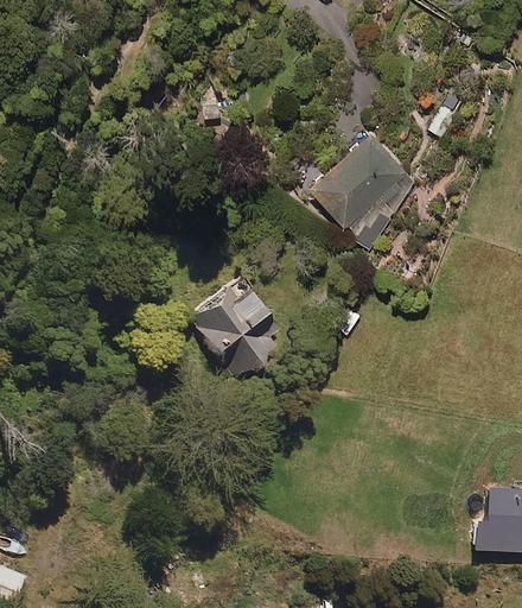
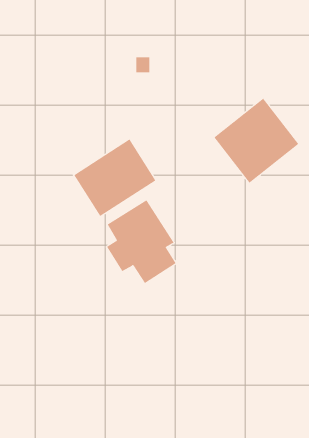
building: none -> [73,139,156,217]

